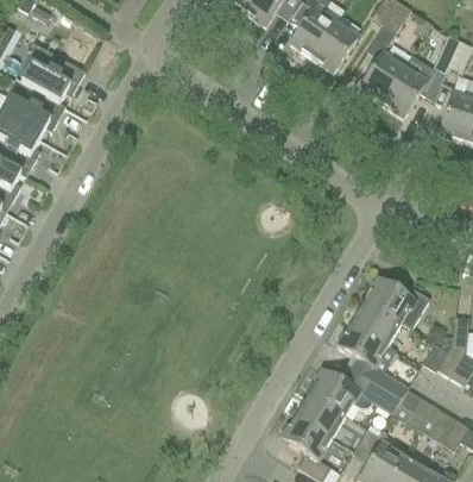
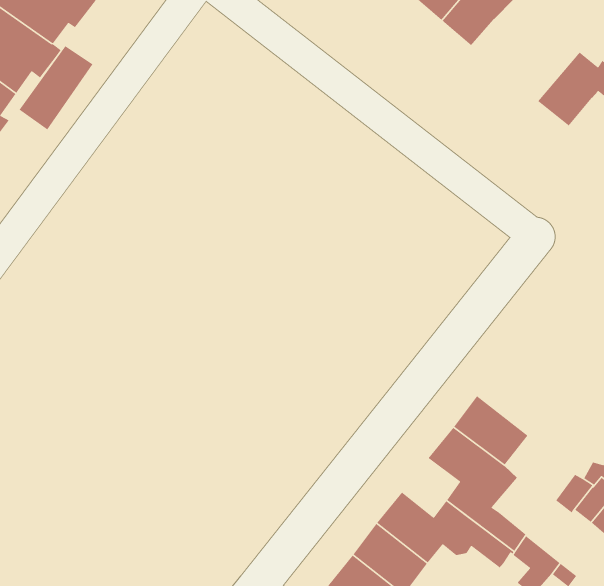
building: [359,48,408,102] -> none
building: none -> [19,45,94,131]
building: [365,277,430,328] -> none

